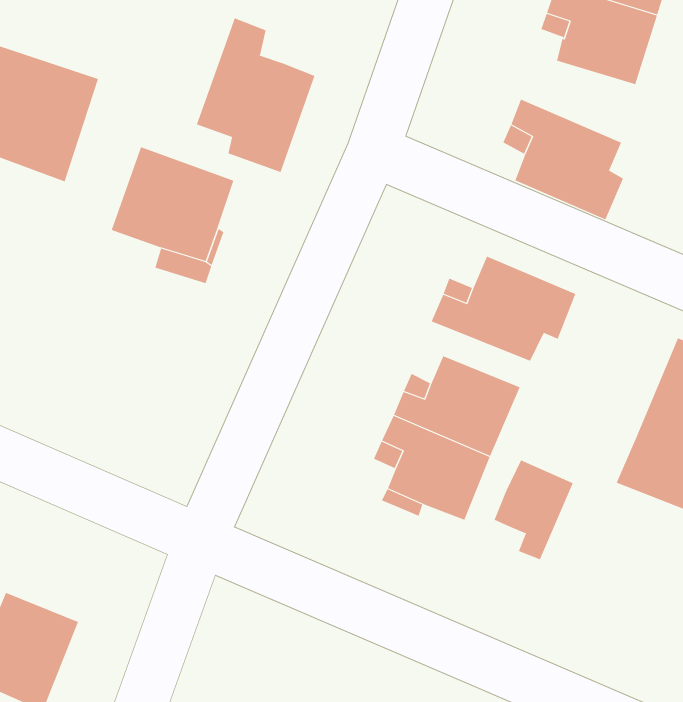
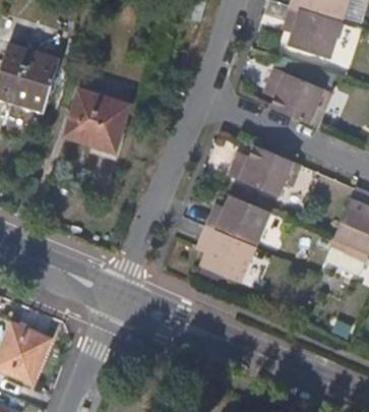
building: [196,17,315,173] -> none
building: [494,459,573,560] -> none

